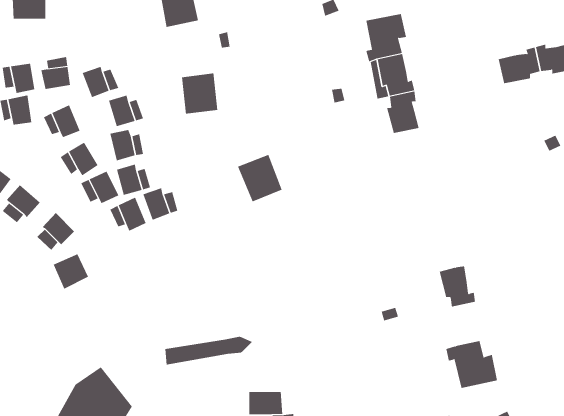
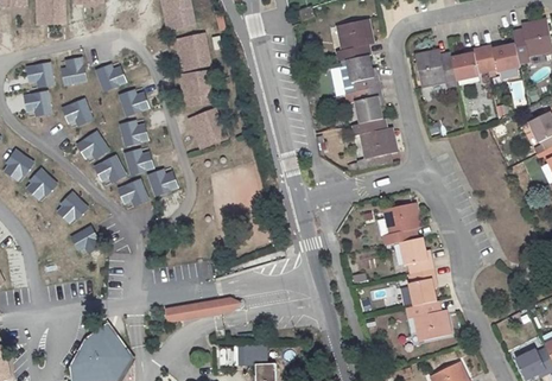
building: none -> [175,31,210,70]
building: none -> [415,50,457,87]
building: none -> [353,118,396,166]
building: [237,154,282,202] -> [186,107,226,148]
building: none -> [383,203,419,245]
building: none -> [410,267,436,305]

